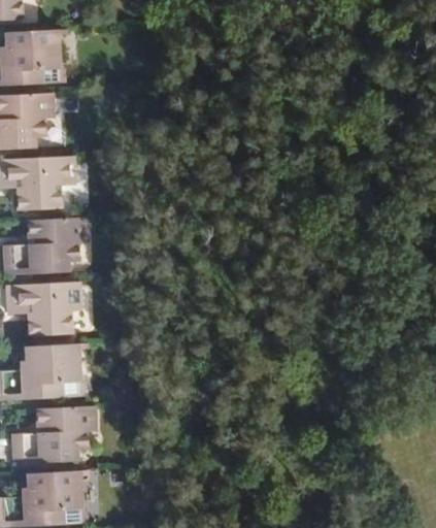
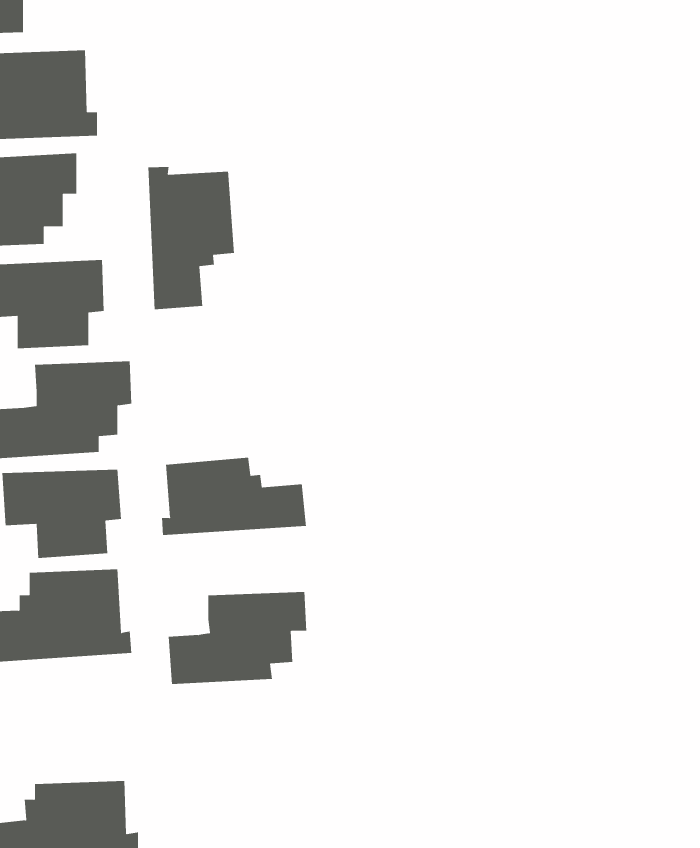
building: none -> [148,166,235,310]
building: none -> [161,457,307,536]
building: [15,404,99,460] -> [168,592,307,684]

